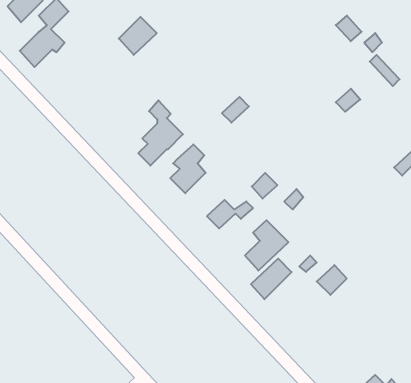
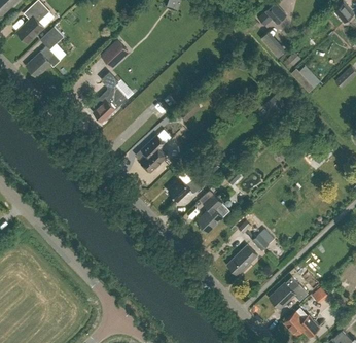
building: [138,100,183,166] -> [93,72,127,122]
building: [251,259,292,299] -> [226,245,257,276]
building: none -> [269,276,308,309]

